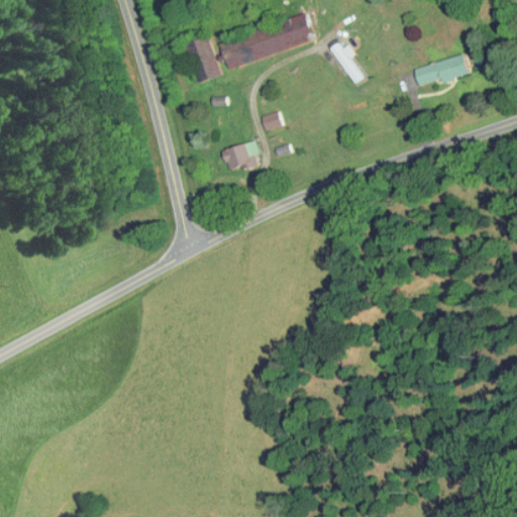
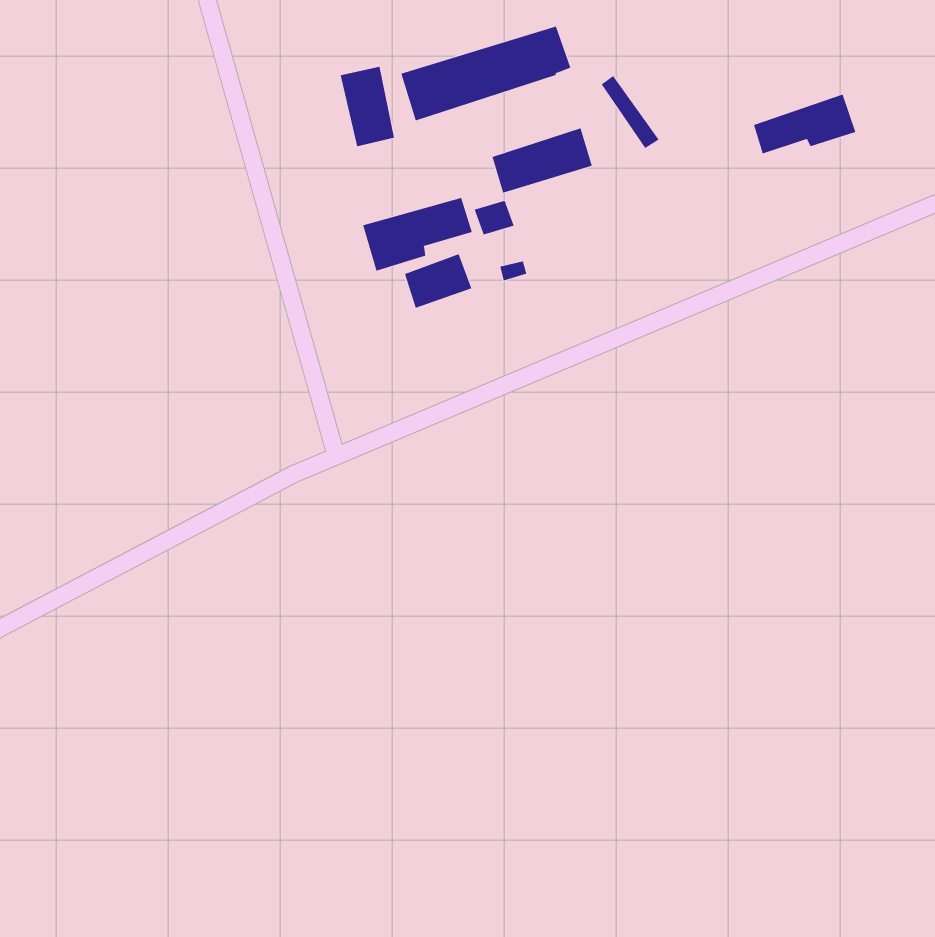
building: none -> [492,127,593,194]
building: none -> [363,197,473,272]

